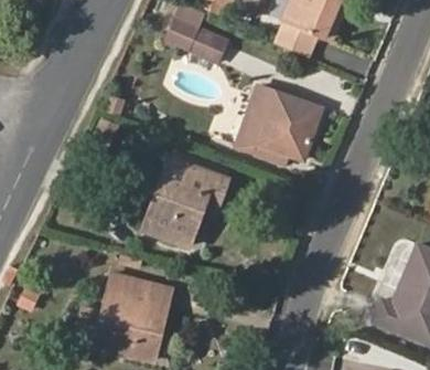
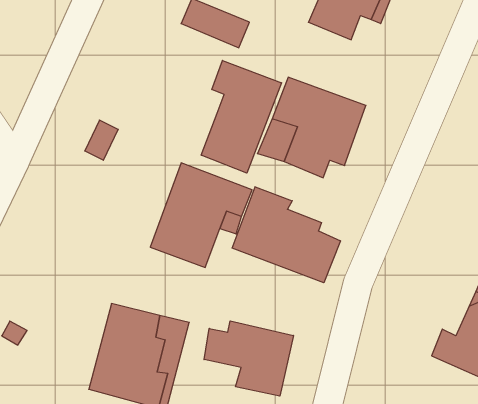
building: none -> [201,60,282,173]
building: none -> [232,187,340,283]
building: none -> [204,321,293,396]

